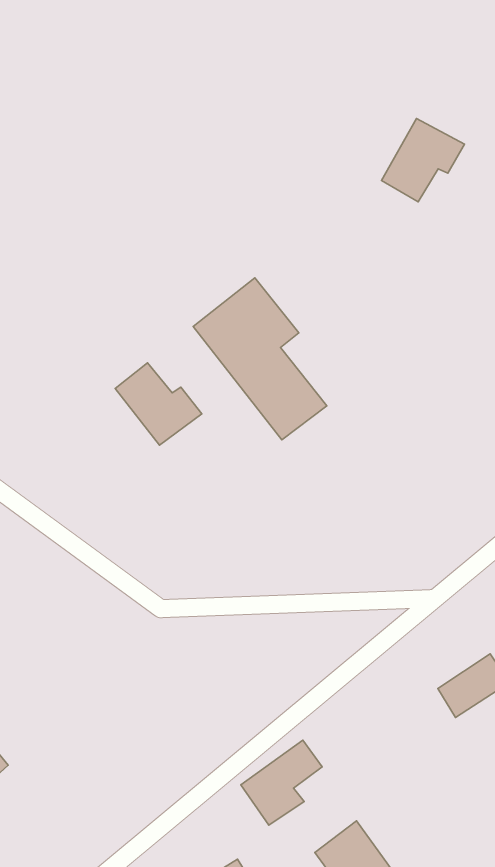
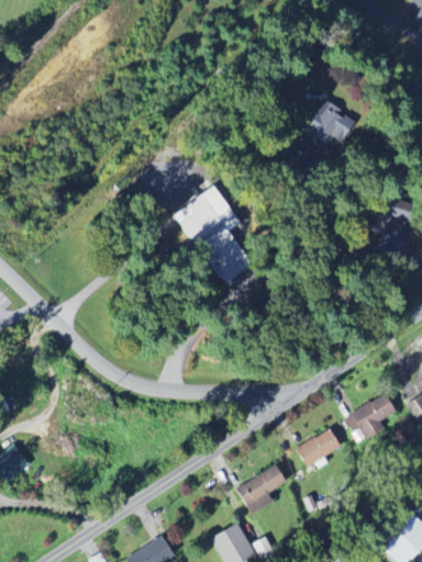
building: [115,363,202,445] -> none
building: [241,740,322,825] -> [236,464,287,514]

